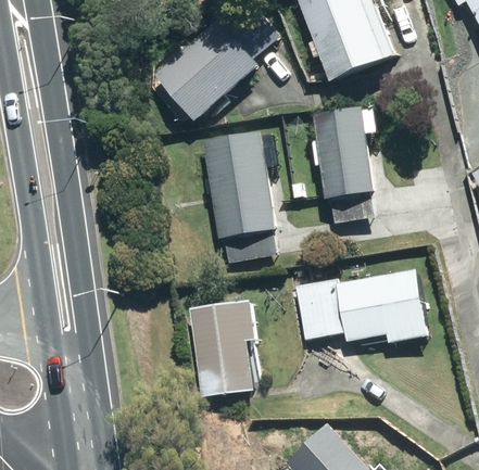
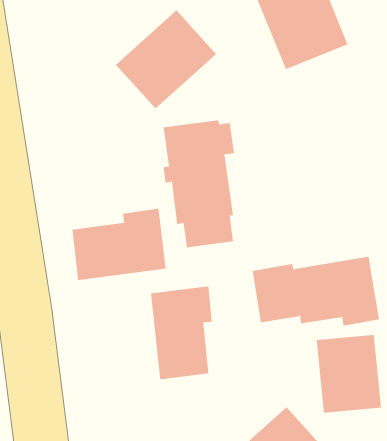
building: [311,106,376,223] -> none
building: none -> [72,208,166,281]
building: none -> [316,334,382,413]

